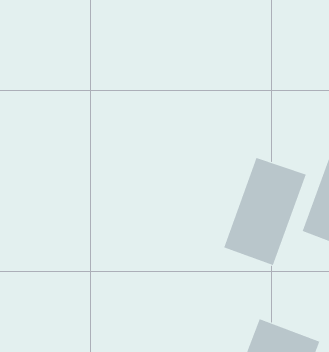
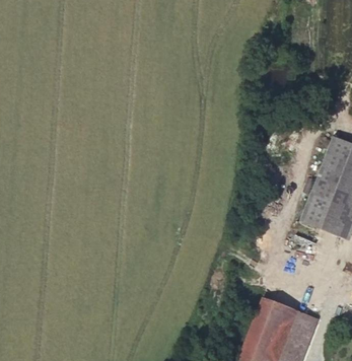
building: [223,157,306,266] -> none

